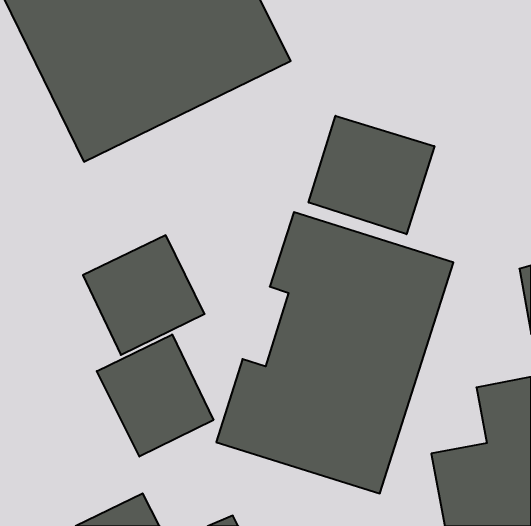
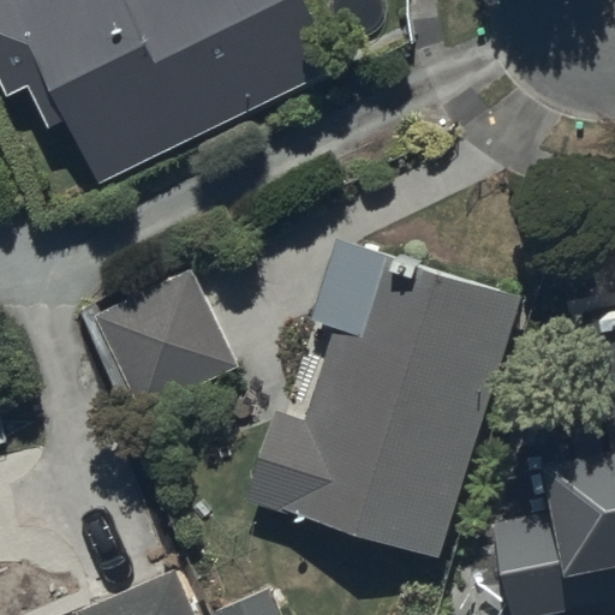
building: [309,116,434,234] -> none
building: [97,334,213,457] -> none

